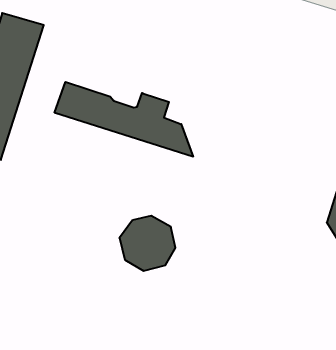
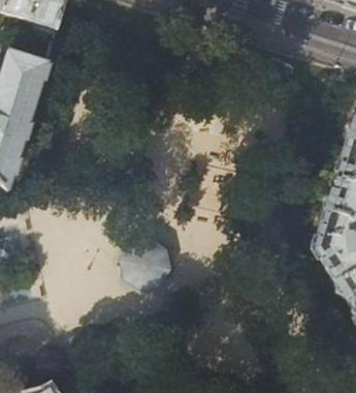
building: [55,82,193,157] -> none

